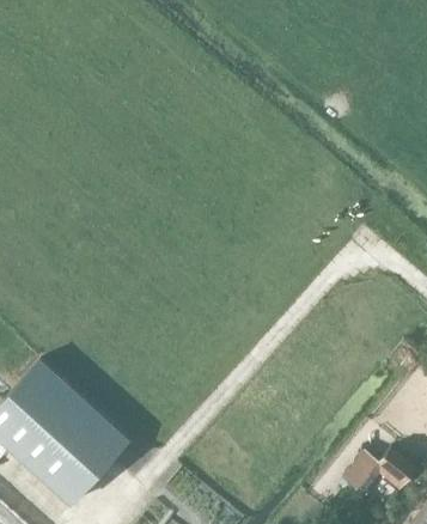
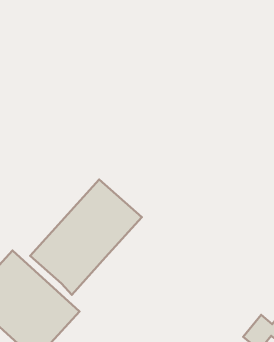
building: none -> [30,179,142,295]

